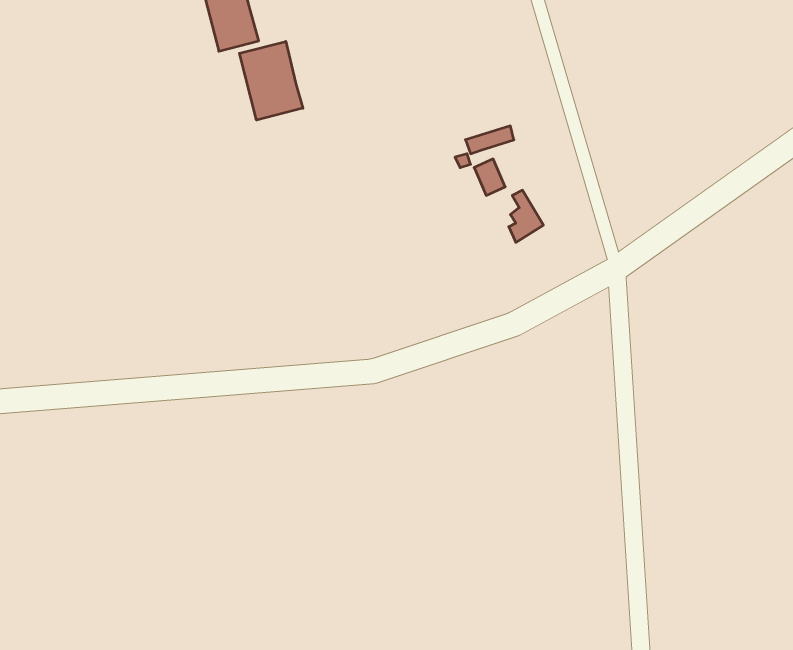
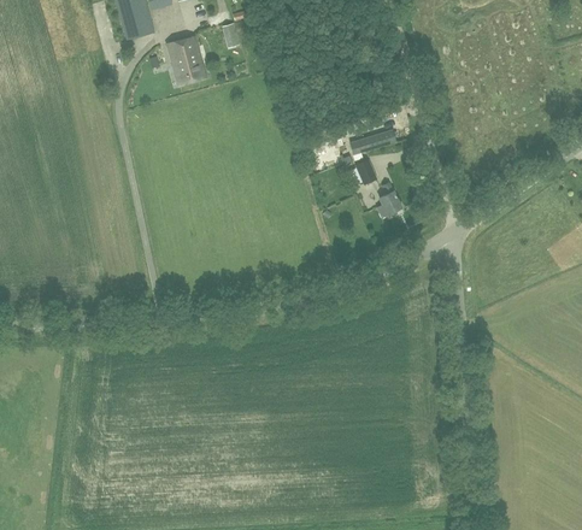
building: [239,41,303,120] -> none

